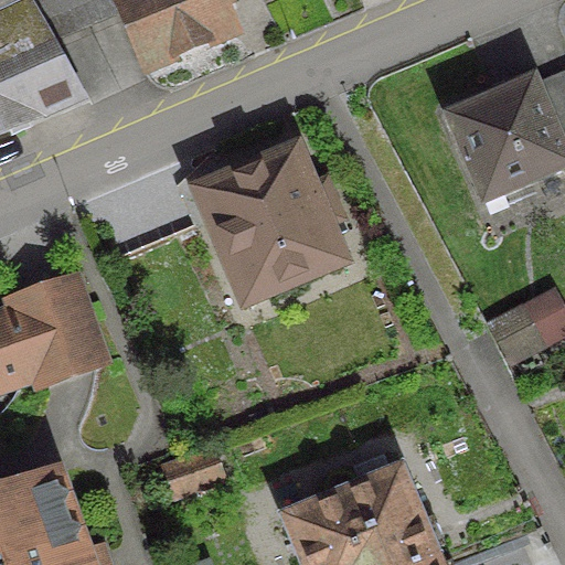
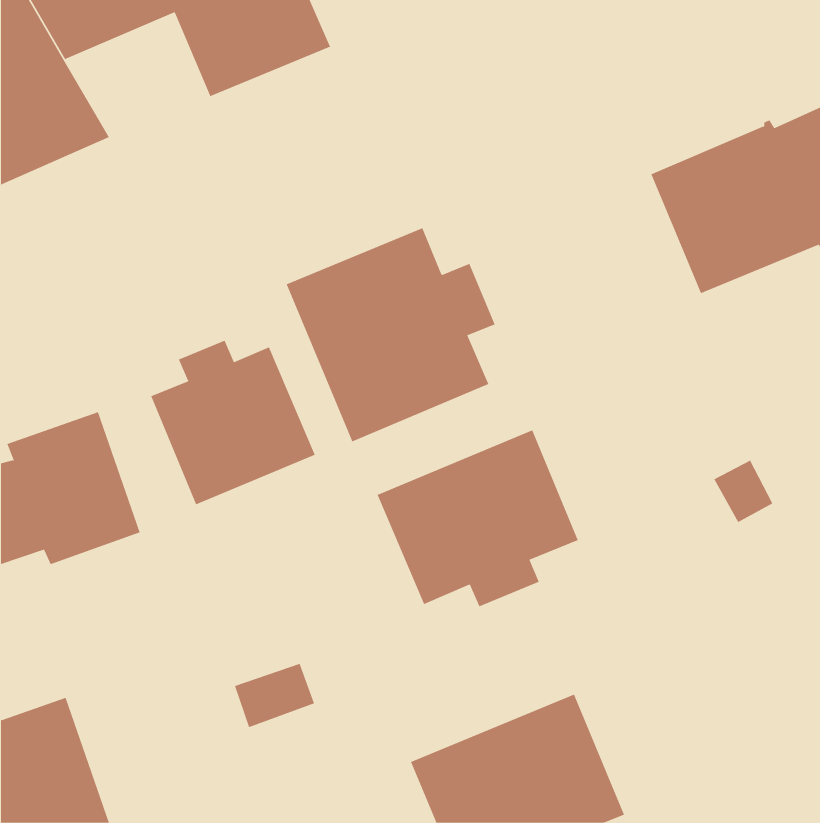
building: none -> [150,340,315,505]
building: none -> [377,429,578,607]

